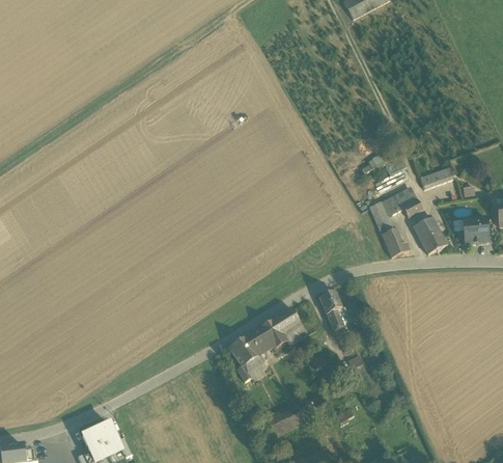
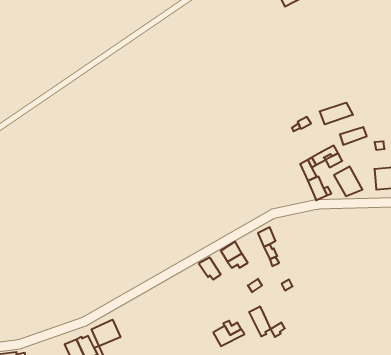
building: none -> [320,103,353,124]
building: [259,319,286,348] -> none
building: [228,334,266,380] -> none
building: none -> [249,306,271,336]
building: none -> [92,320,120,346]

